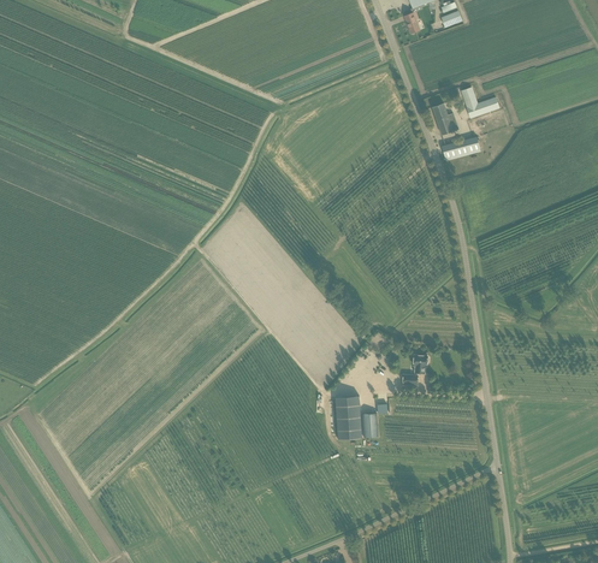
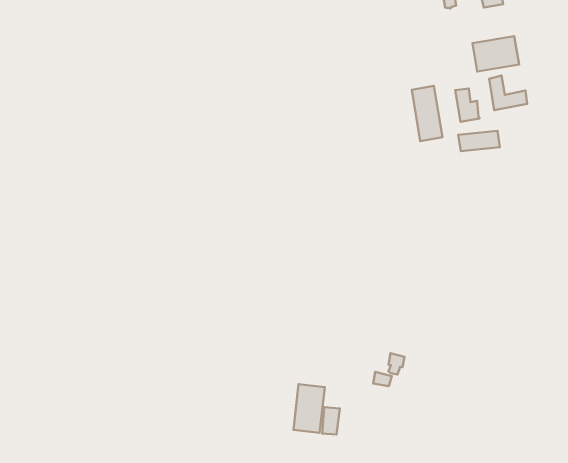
building: none -> [472,36,519,71]
building: none -> [412,86,442,141]

